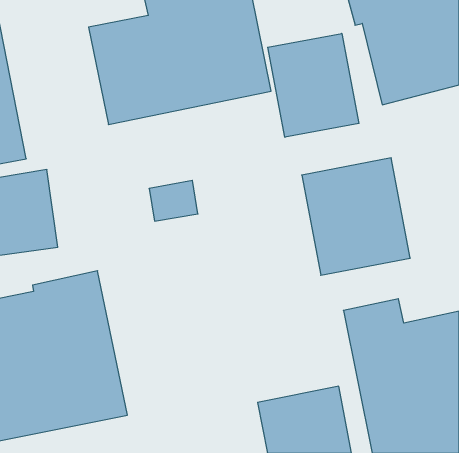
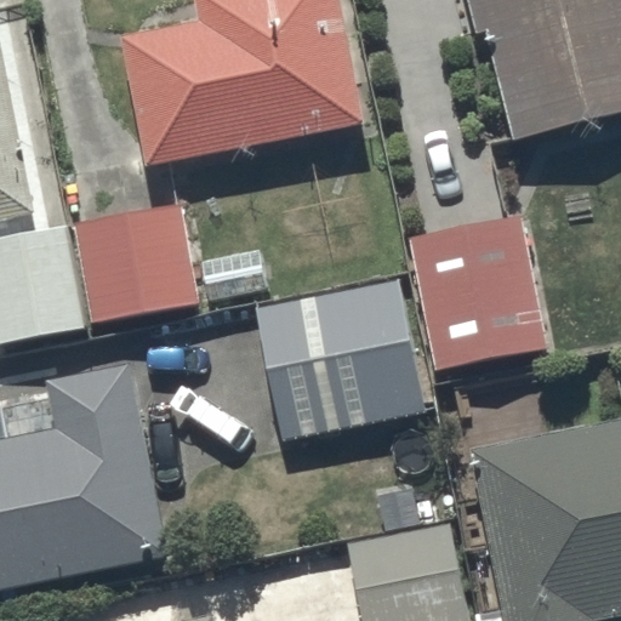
building: [268,33,359,137] -> none
building: none -> [74,206,195,321]
building: none -> [252,277,427,441]

